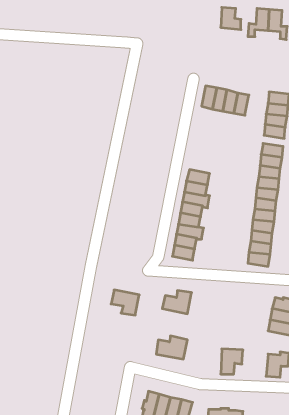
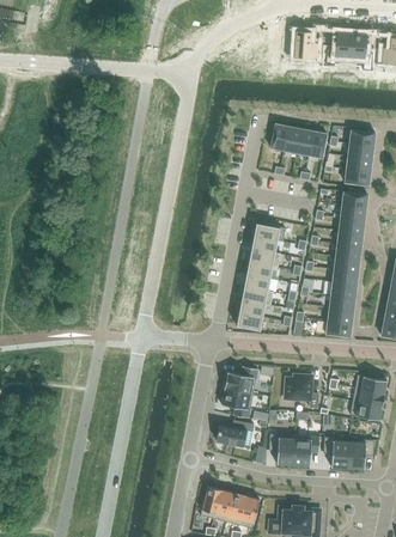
building: [111,290,139,315] -> [220,388,254,417]
building: none -> [285,374,318,408]
building: none -> [269,433,294,465]
building: none -> [323,437,349,468]

